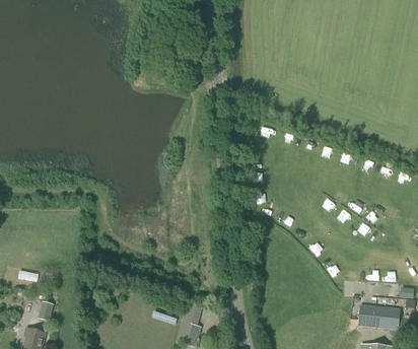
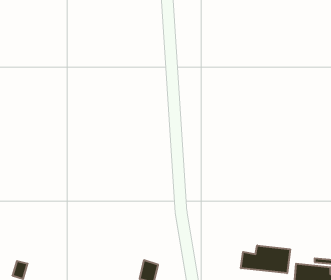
building: none -> [241,245,290,273]

